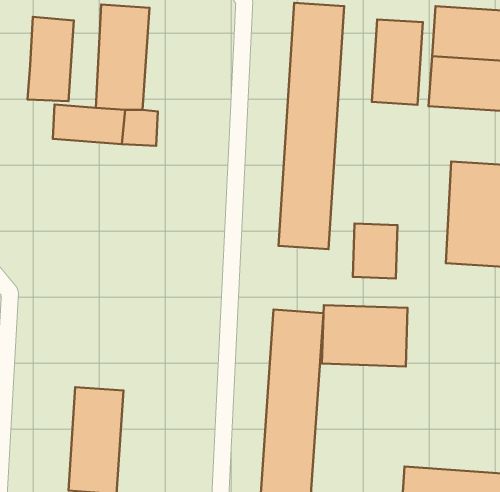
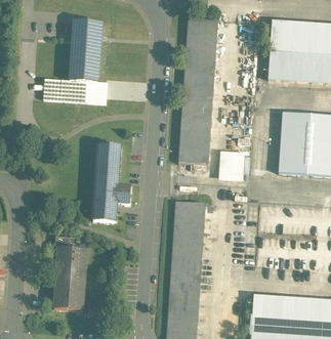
building: [27,17,74,101] -> none
building: [372,19,423,105] -> none
building: none -> [93,142,130,220]
building: [322,305,408,366] -> none

